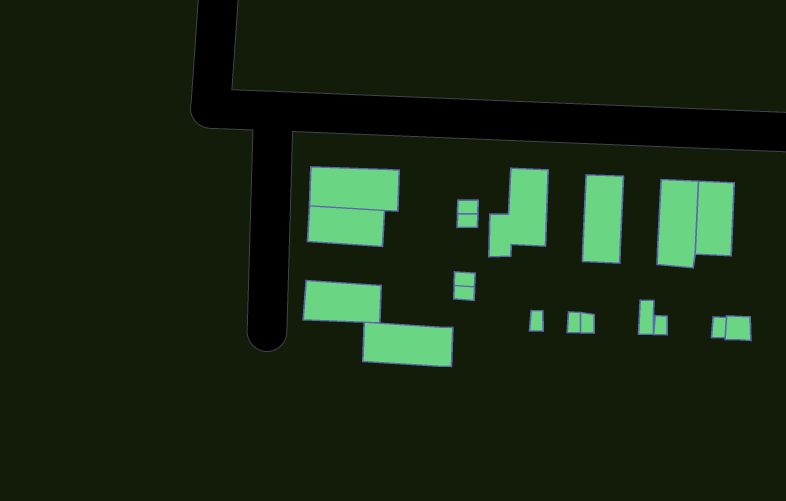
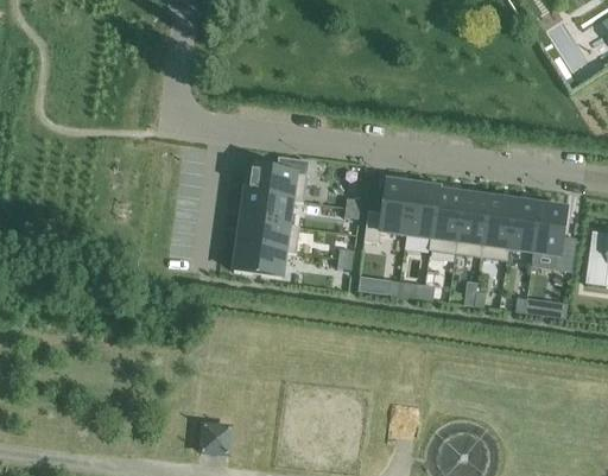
building: none -> [405,182,439,239]
building: none -> [456,191,490,255]
building: none -> [534,203,568,258]
building: [363,322,453,367] -> [235,216,300,253]

